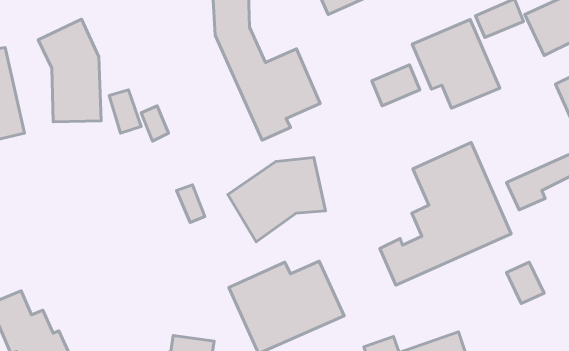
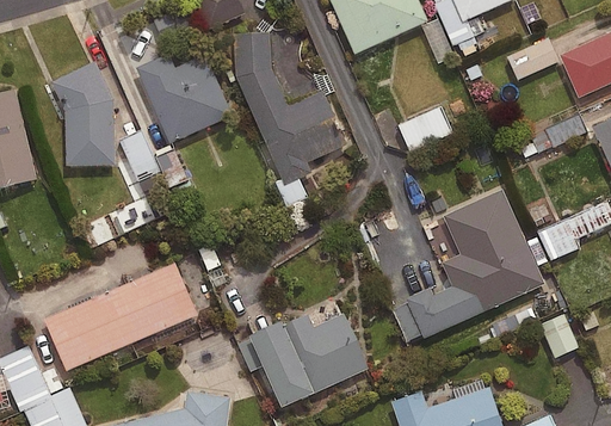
building: none -> [135,54,233,144]
building: [412,20,500,108] -> none
building: [228,157,325,242] -> none
building: none -> [45,261,200,370]

